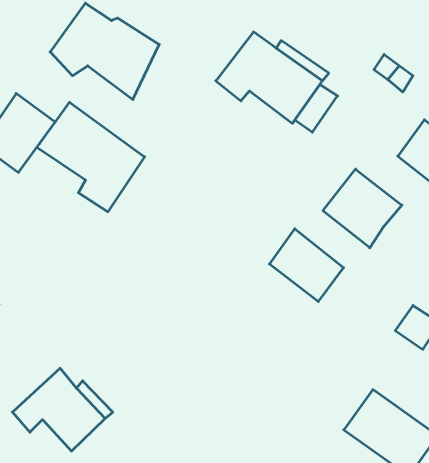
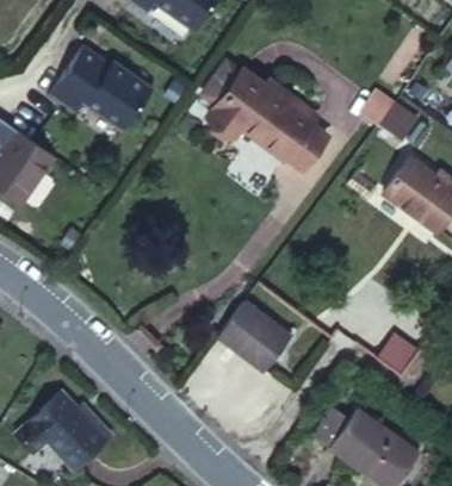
building: [37,102,145,212] -> none
building: [323,169,402,248] -> none
building: [269,229,344,302] -> [218,299,289,368]

